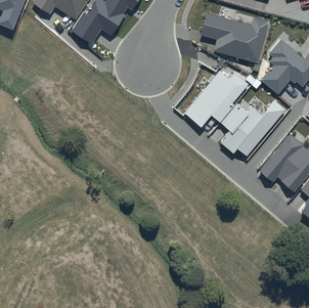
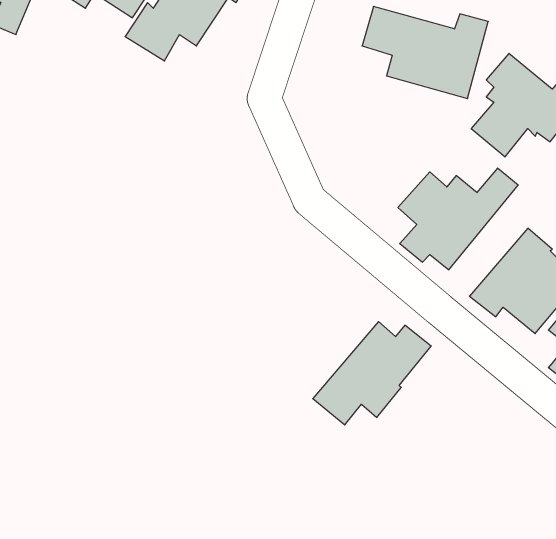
building: [184,71,249,127] -> [313,322,431,425]

